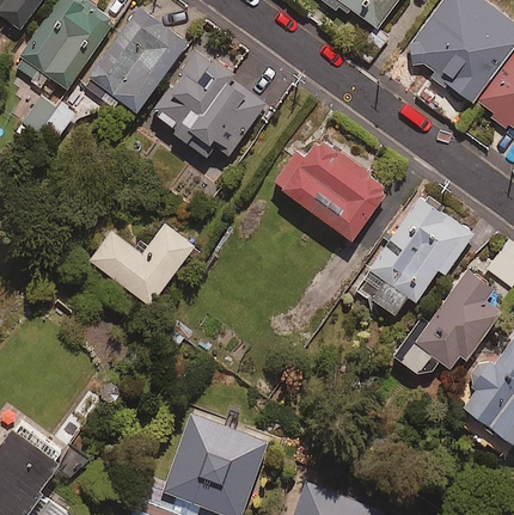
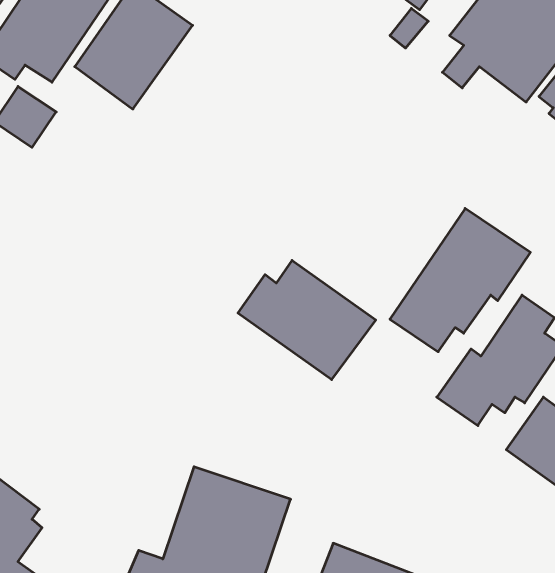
building: [152,49,263,158] -> none
building: [274,140,390,240] -> [238,260,376,380]
building: [88,223,194,306] -> none

